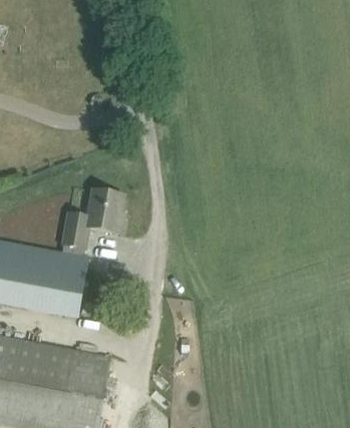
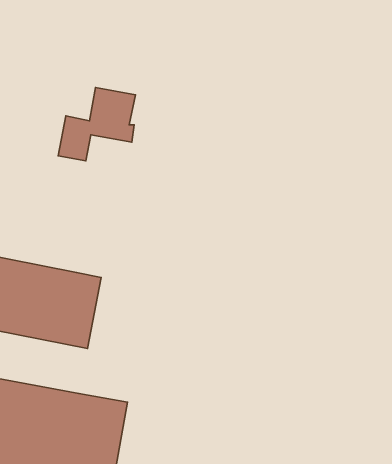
building: [61,189,123,249] -> [58,87,136,161]

